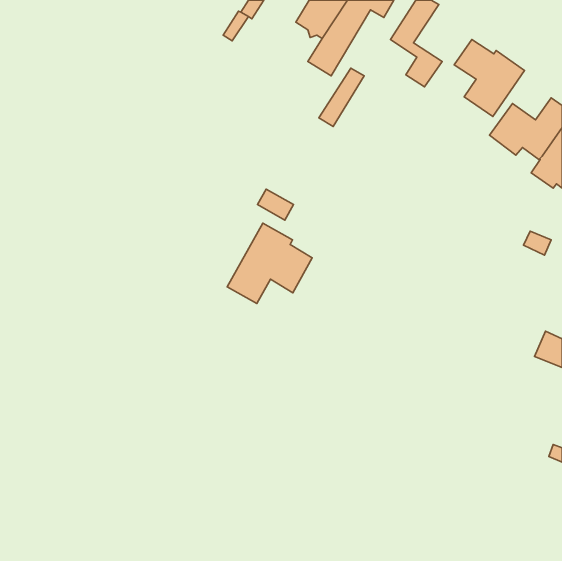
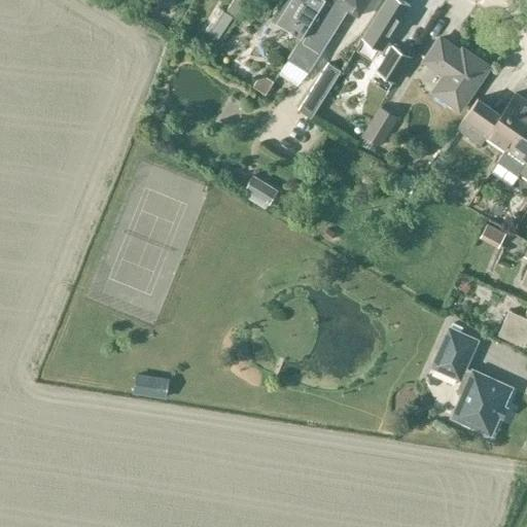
building: none -> [359,107,397,153]
building: [227,223,312,303] -> none
building: none -> [434,328,512,432]
building: none -> [133,374,170,399]

